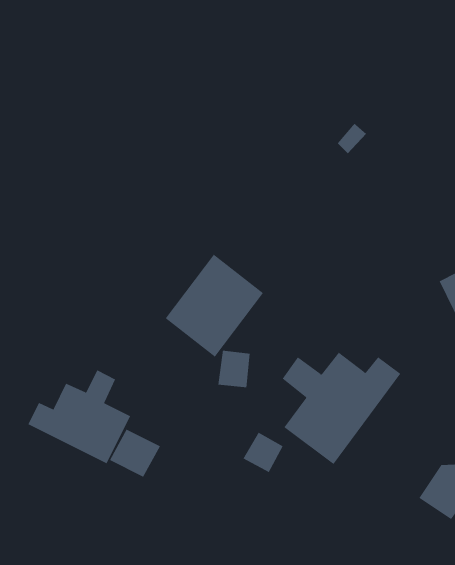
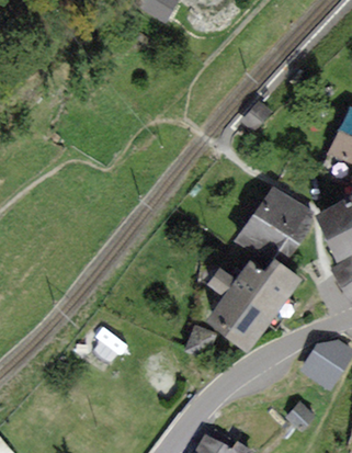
building: [165,254,264,358] -> [242,191,311,263]
building: [28,369,131,464] -> none

